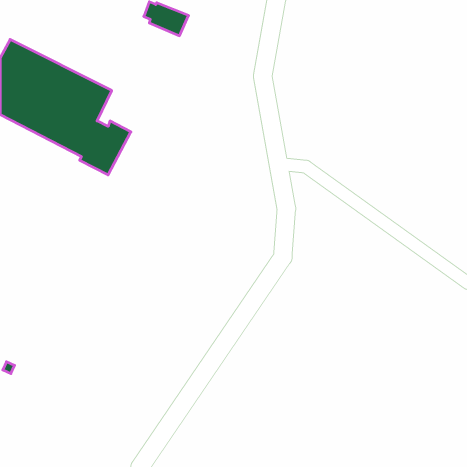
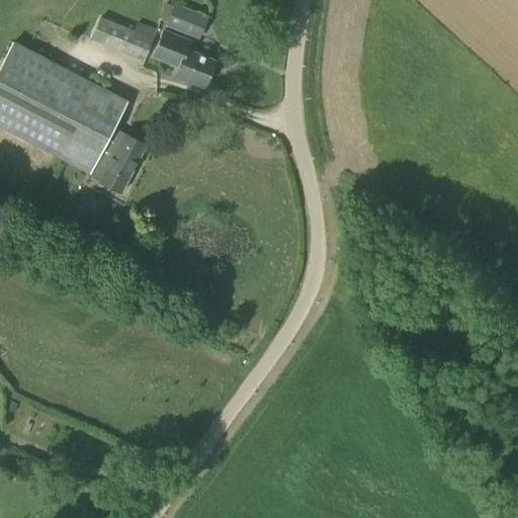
building: none -> [102,21,156,60]
building: none -> [152,28,214,86]

